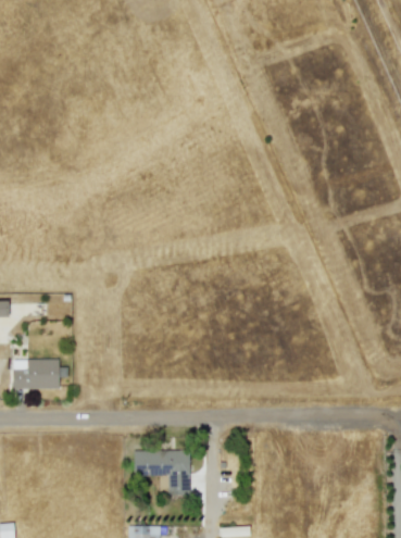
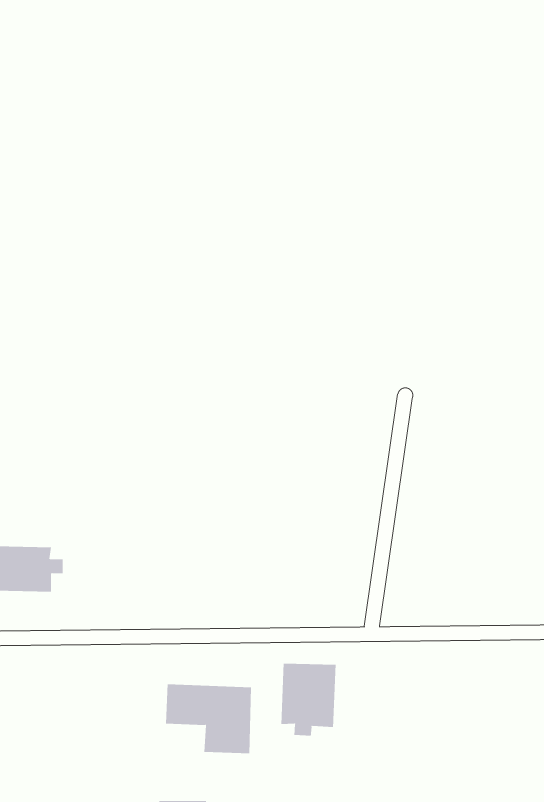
building: none -> [281,663,336,737]

